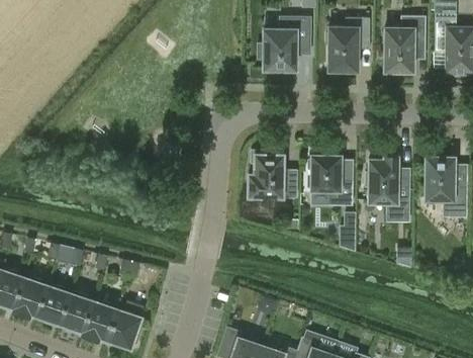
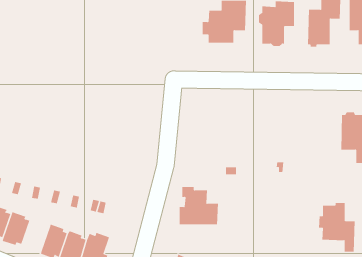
building: [248,151,296,197] -> [179,187,219,225]
building: [307,153,353,206] -> none
building: [364,157,409,217] -> [318,203,355,252]
building: [35,283,70,325] -> none

